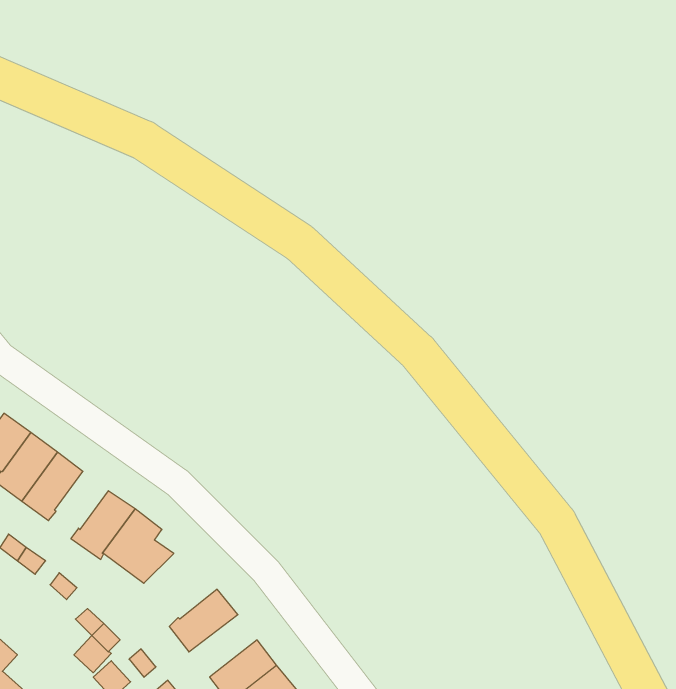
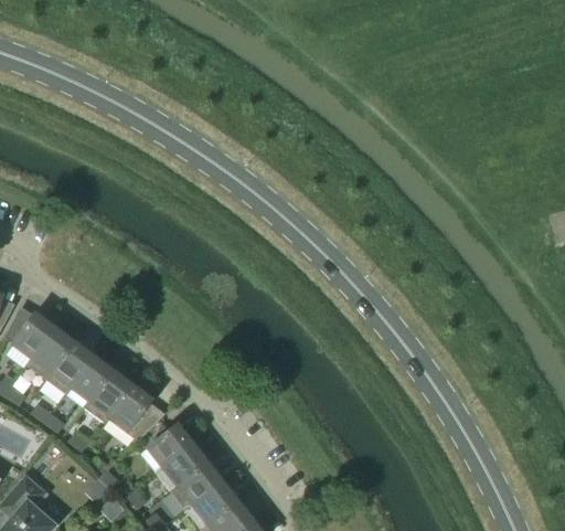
building: none -> [72,357,111,400]
building: none -> [149,424,192,466]
building: none -> [171,463,222,509]

